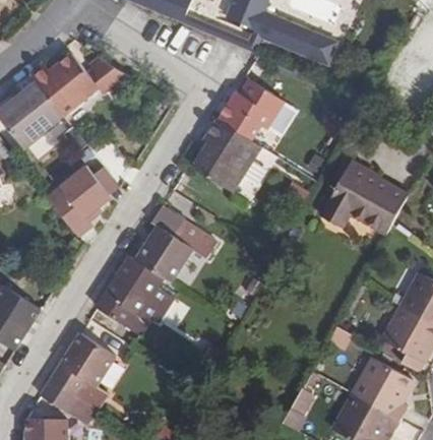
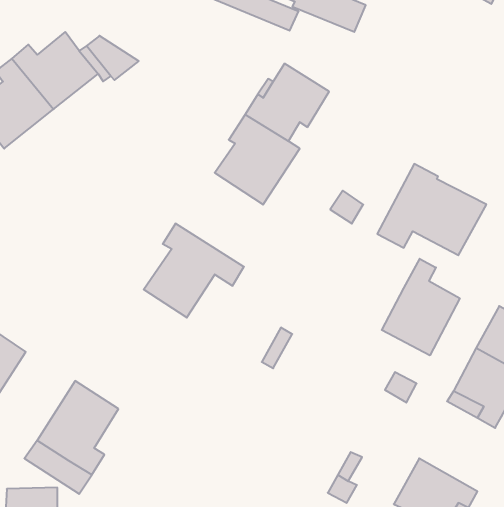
building: [50,156,127,235] -> none
building: none -> [382,259,460,355]
building: [97,256,164,324] -> none
building: [356,360,415,422] -> none

